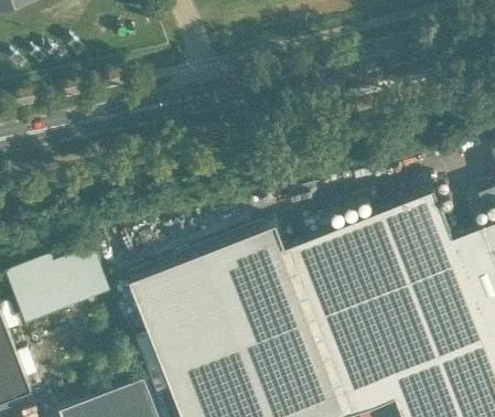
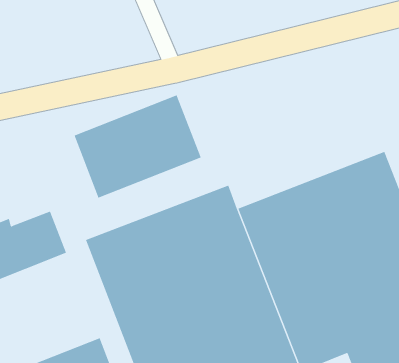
building: none -> [74,95,201,199]

